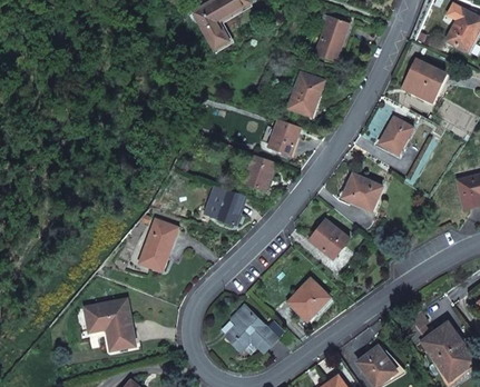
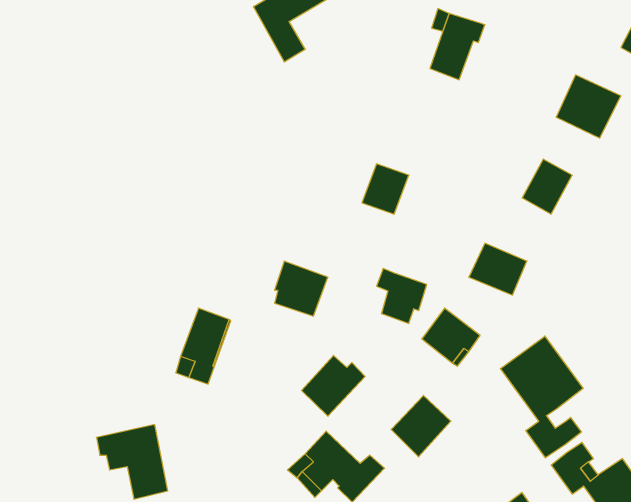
building: [288,73,324,116] -> none
building: [241,152,275,190] -> [377,268,427,323]
building: none -> [500,336,583,458]
building: none -> [302,355,365,416]

